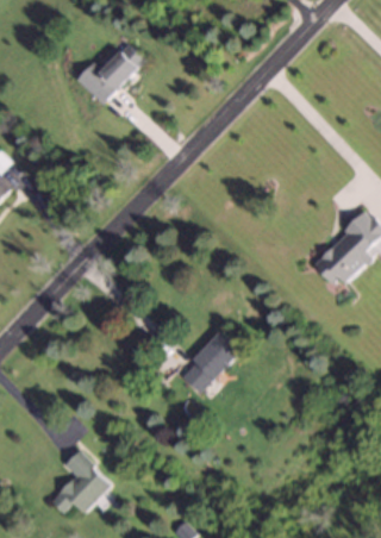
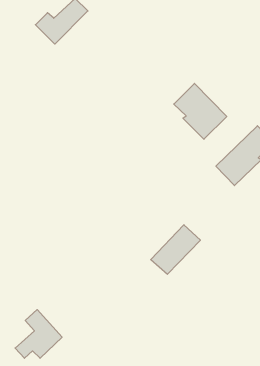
building: none -> [174,83,227,139]
building: [177,327,242,392] -> [151,225,200,274]

